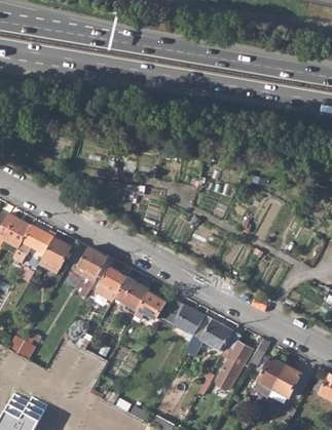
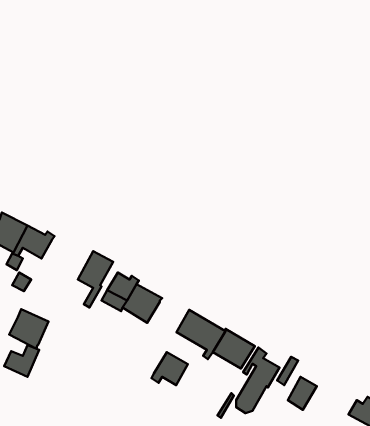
building: [38,237,71,274] -> none
building: [134,291,165,320] -> [152,352,188,385]
building: none -> [9,309,49,349]
building: [272,365,300,394] -> none

